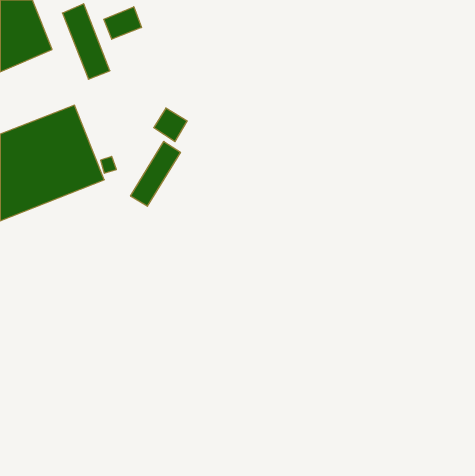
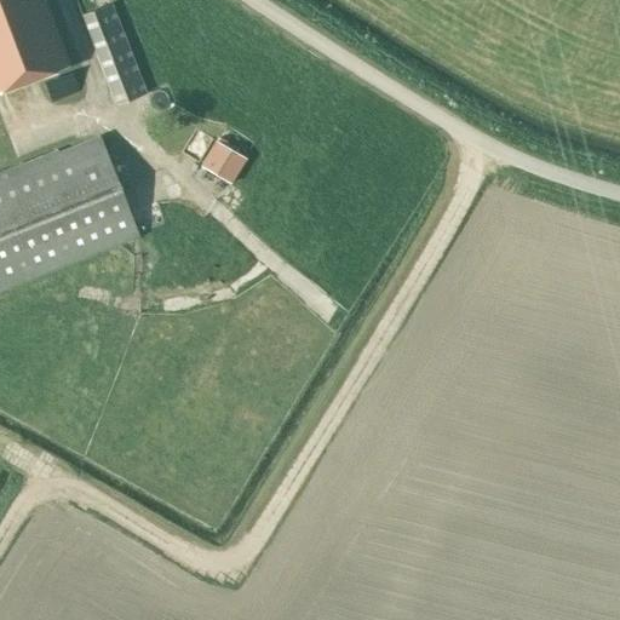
building: [104,7,141,39] -> none
building: [131,141,180,206] -> none

